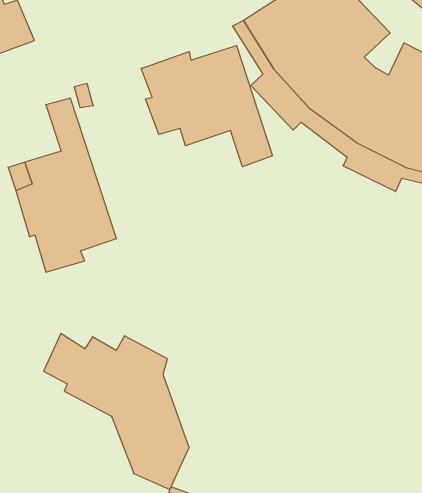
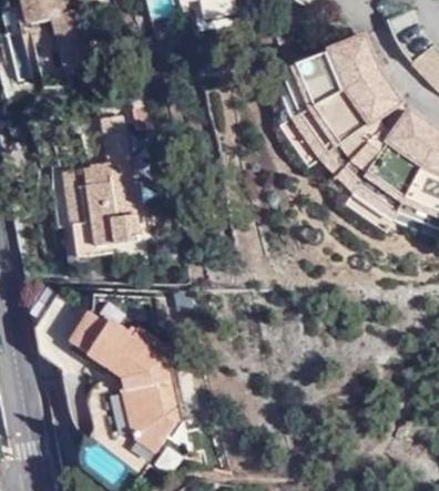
building: [141,46,272,167] -> none

